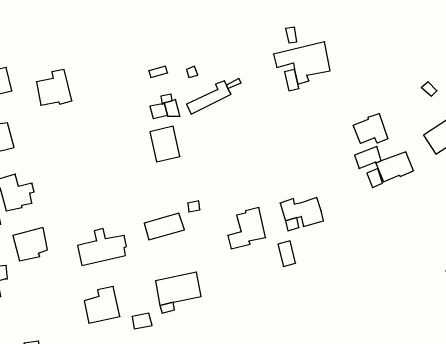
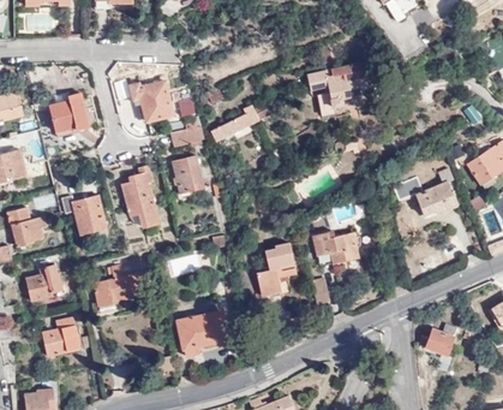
building: none -> [126,82,172,119]
building: [353,114,388,143] -> none
building: none -> [121,164,158,225]
building: none -> [59,194,106,232]
building: none -> [418,322,456,356]
building: [84,286,120,323] -> [42,316,80,356]

